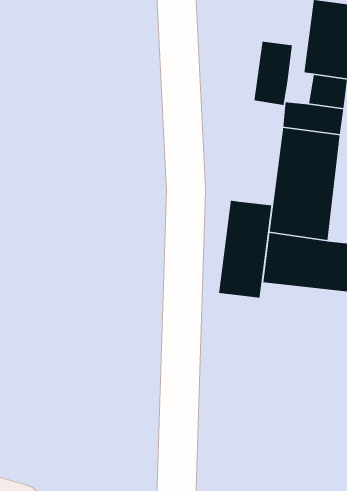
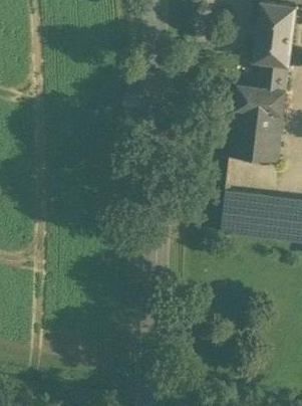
building: [253,41,293,106] -> none
building: [218,200,272,298] -> none

